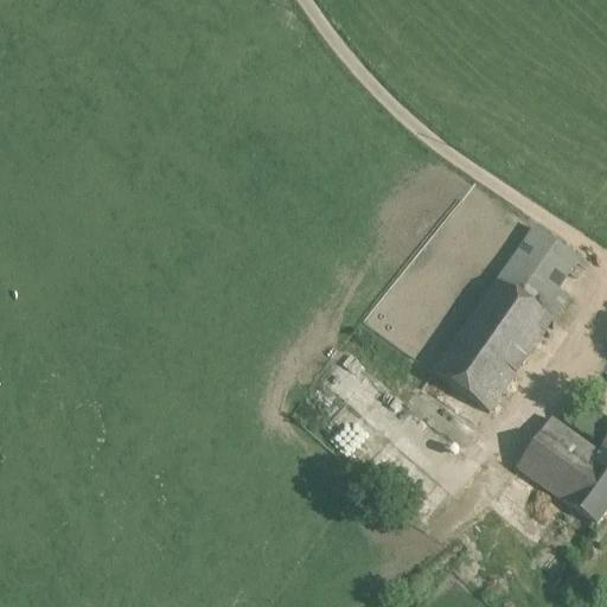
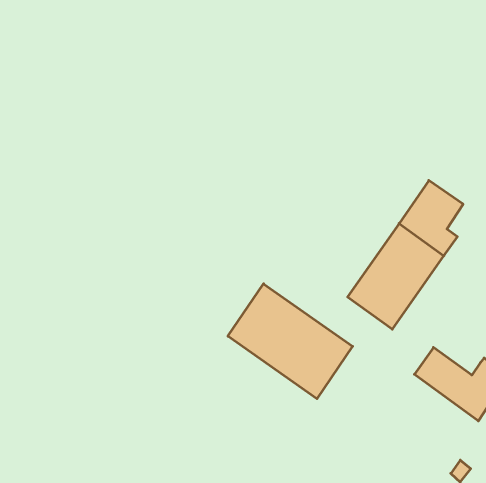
building: none -> [228,284,353,399]
building: [541,416,599,466] -> none

